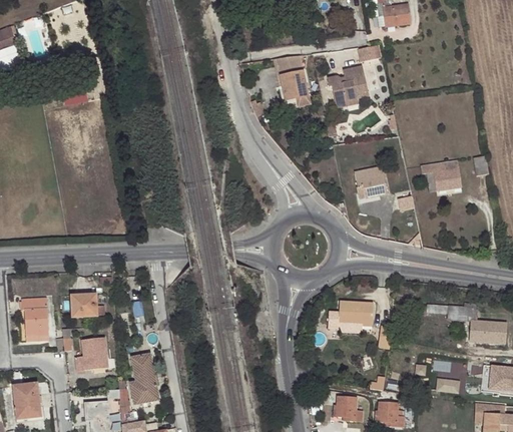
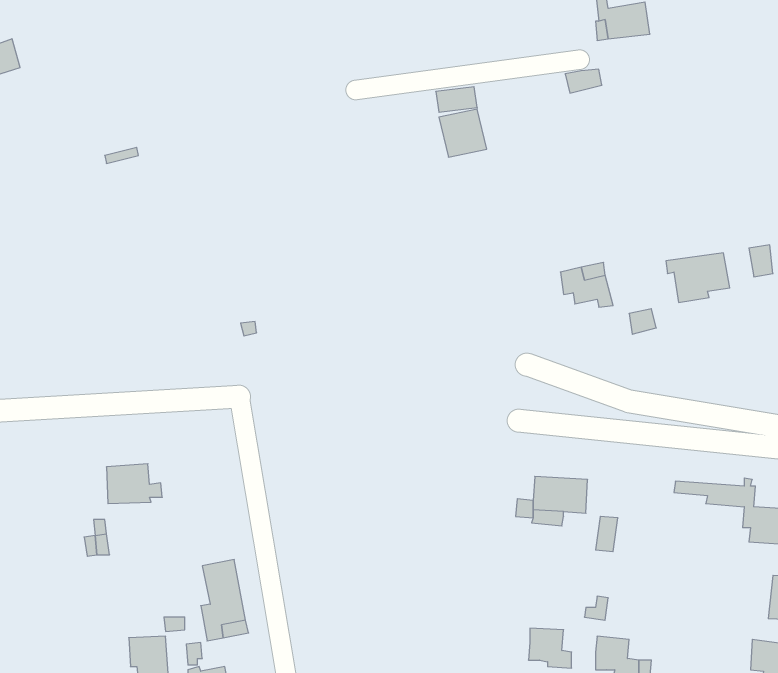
building: [327,65,369,108] -> none
building: [21,297,49,341] -> none
building: [75,337,108,371] -> none
building: [434,359,470,391] -> none
building: [12,382,41,419] -> none

